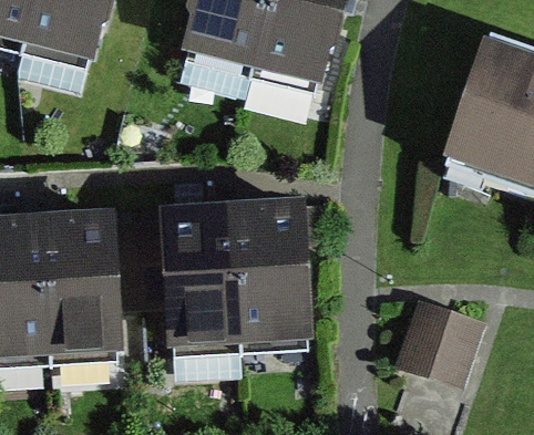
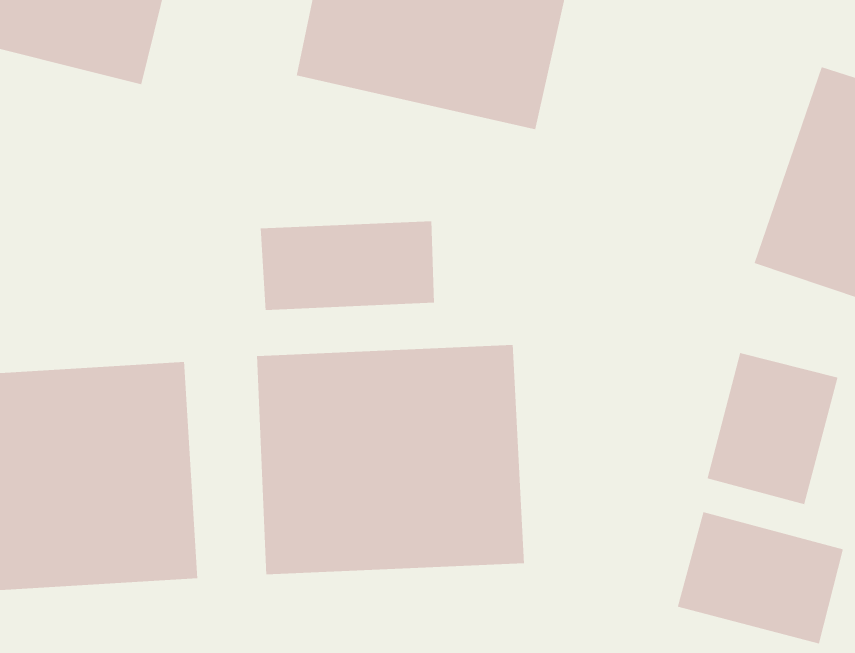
building: none -> [260,220,435,311]
building: none -> [707,352,838,505]

